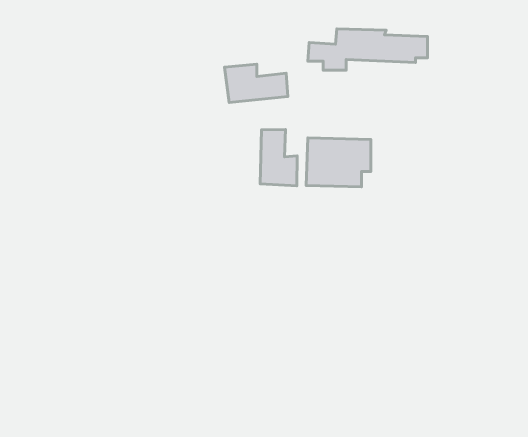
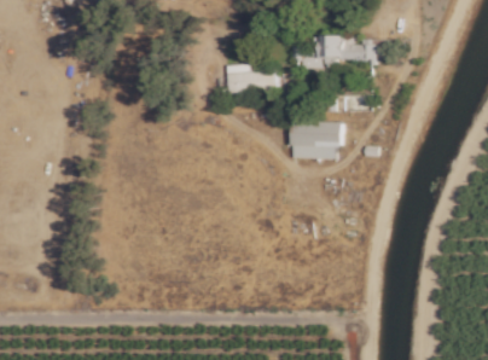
building: [260,130,297,186] -> none

